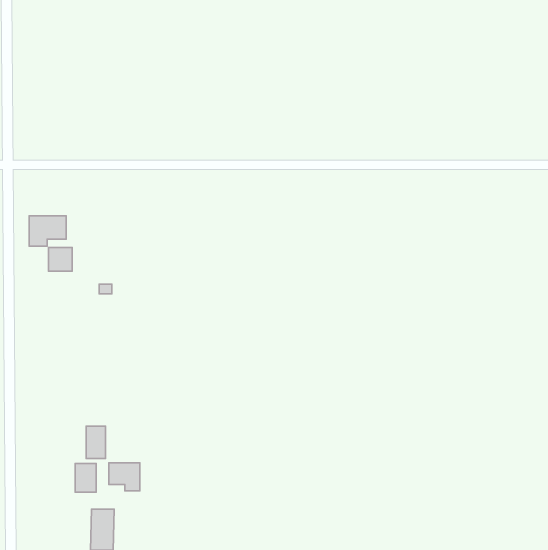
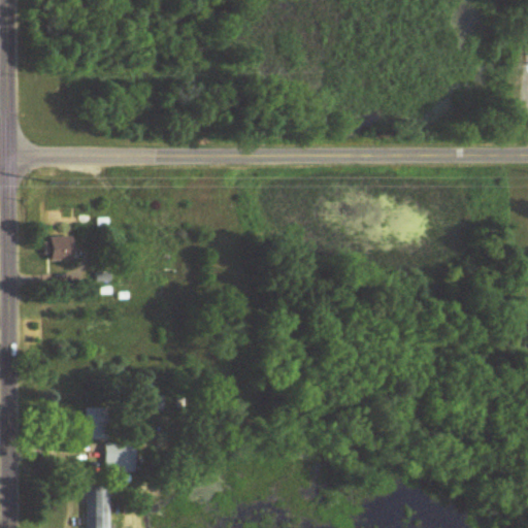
building: [29,216,66,246] -> none
building: [75,464,96,492] -> none

